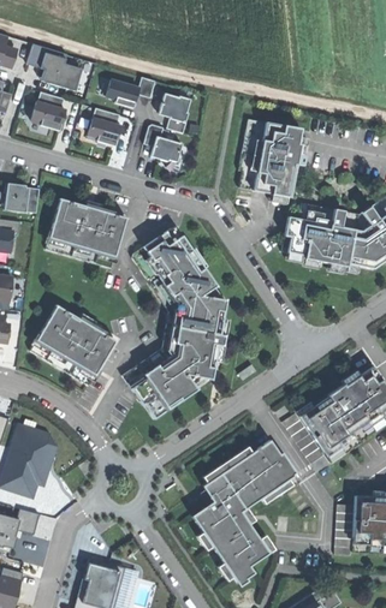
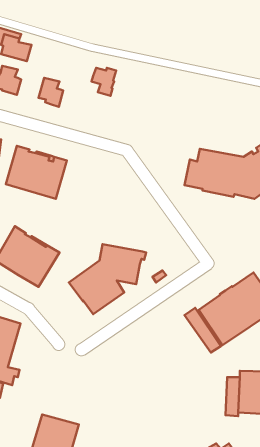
building: [106,77,155,108] -> none
building: [238,118,305,197] -> none
building: [144,124,182,162] -> none
building: [138,231,230,338] -> none
building: [191,437,293,583] -> none

